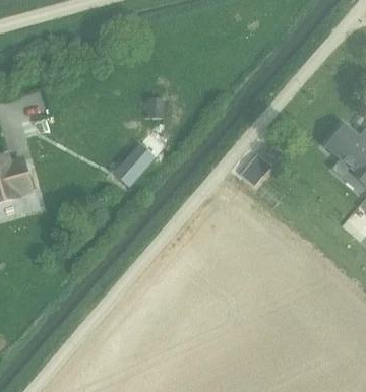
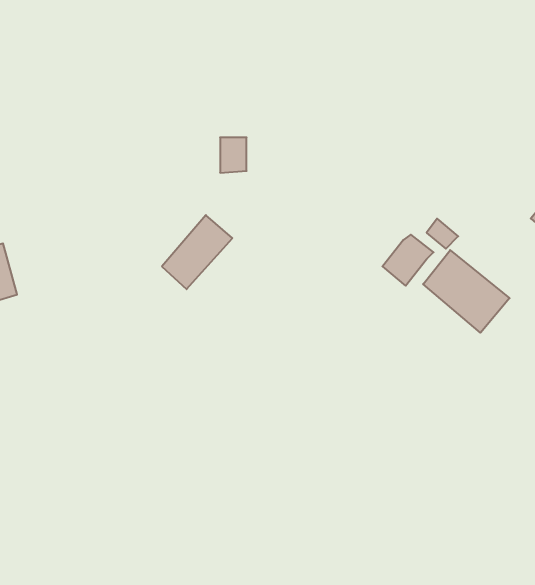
building: none -> [423,250,510,333]

